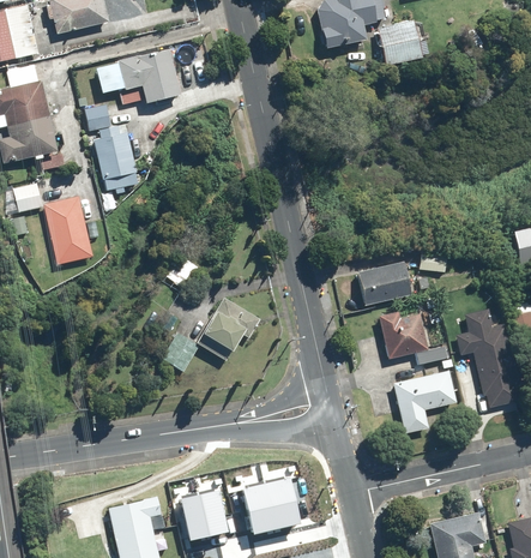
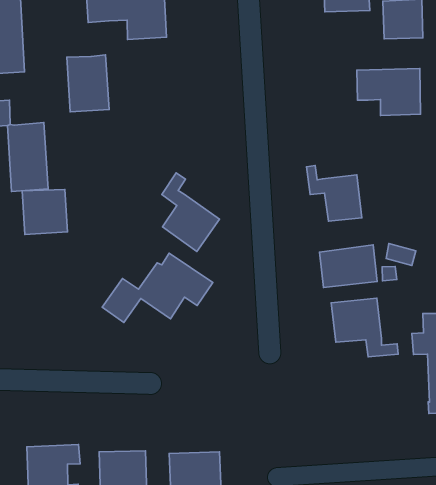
building: none -> [357,68,421,115]
building: [84,103,113,132] -> none
building: none -> [306,165,362,221]
building: none -> [162,173,220,252]
building: none -> [22,190,67,235]
building: [393,372,455,437] -> none

